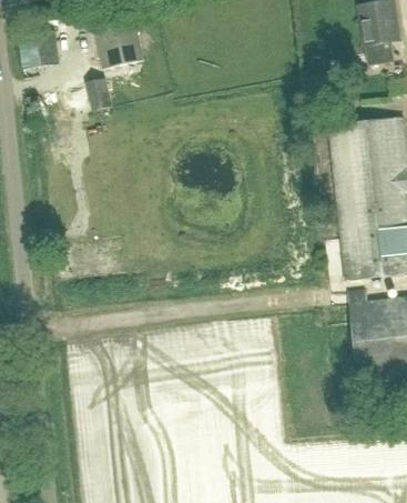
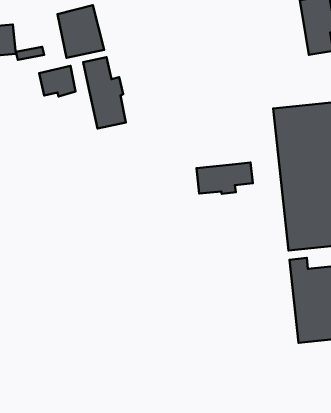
building: none -> [83,57,126,129]
building: none -> [196,162,253,194]

